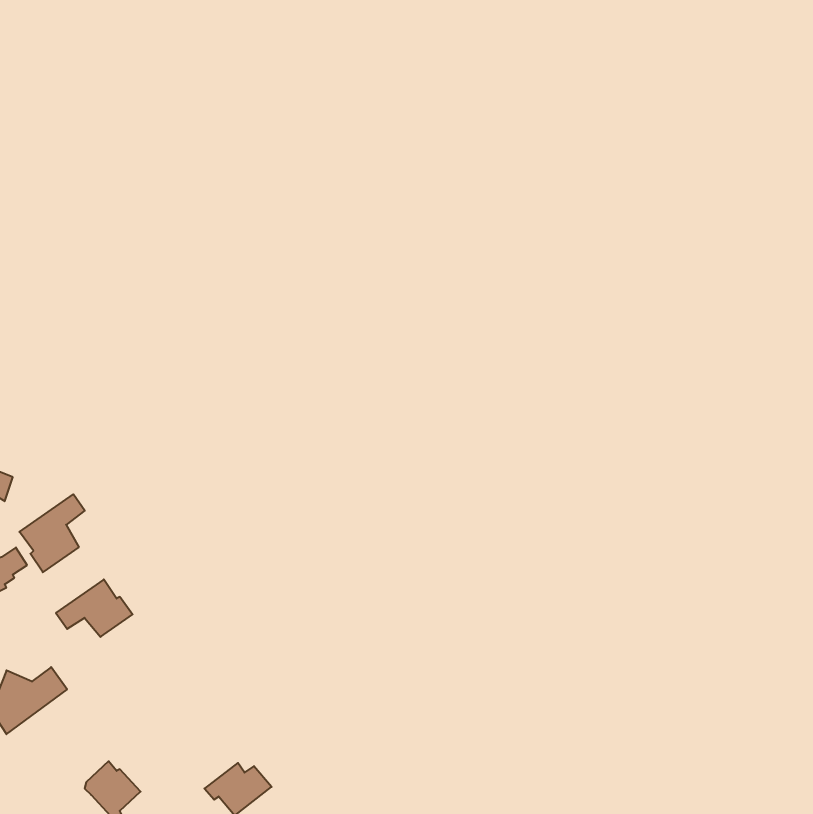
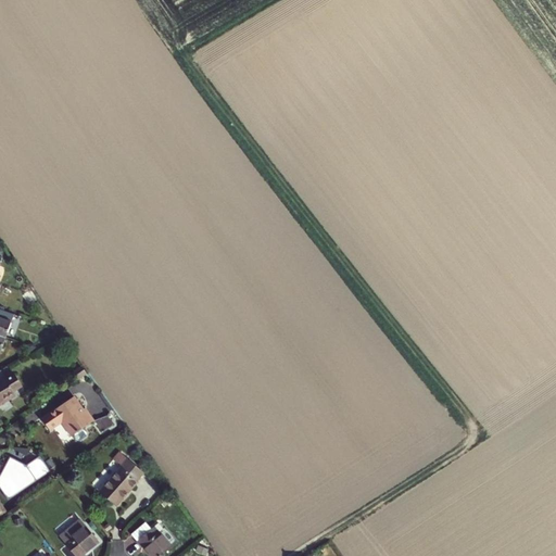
building: [19,494,85,572] -> none
building: none -> [98,458,140,505]

